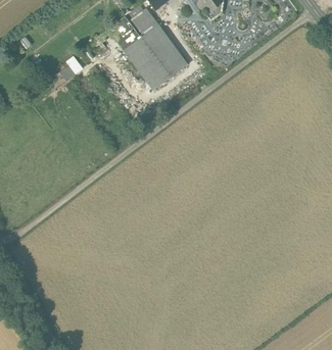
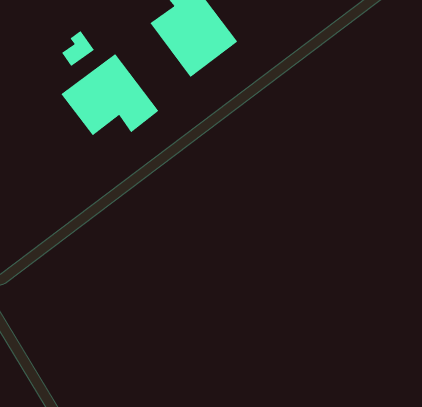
building: none -> [60,53,159,136]

